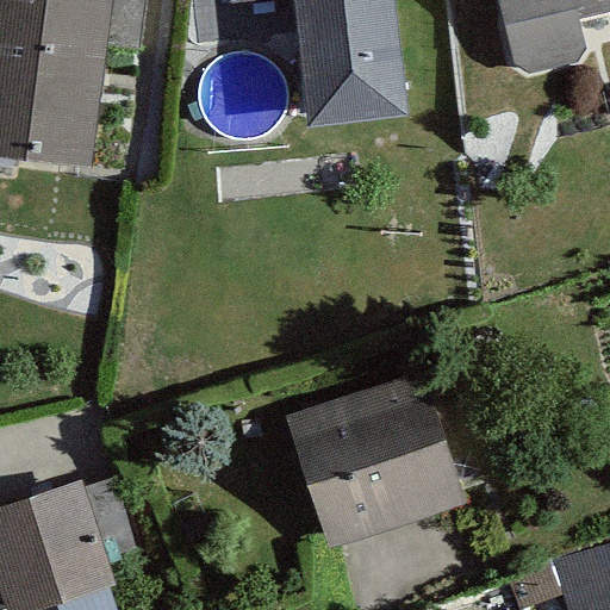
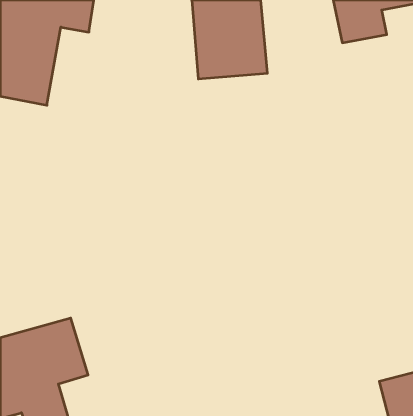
building: [275,361,469,550] -> none

